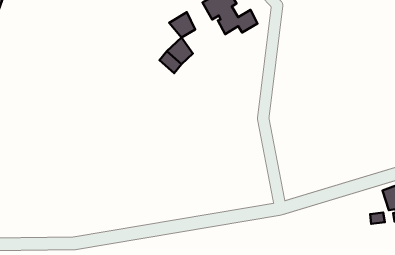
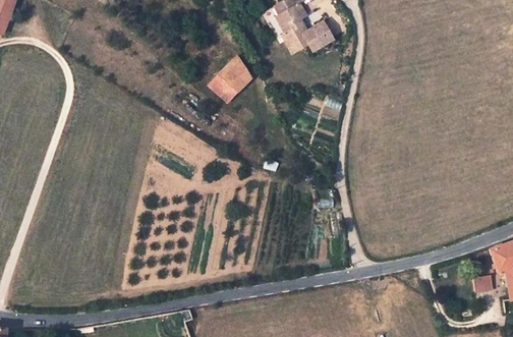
building: [169,12,195,38] -> none

